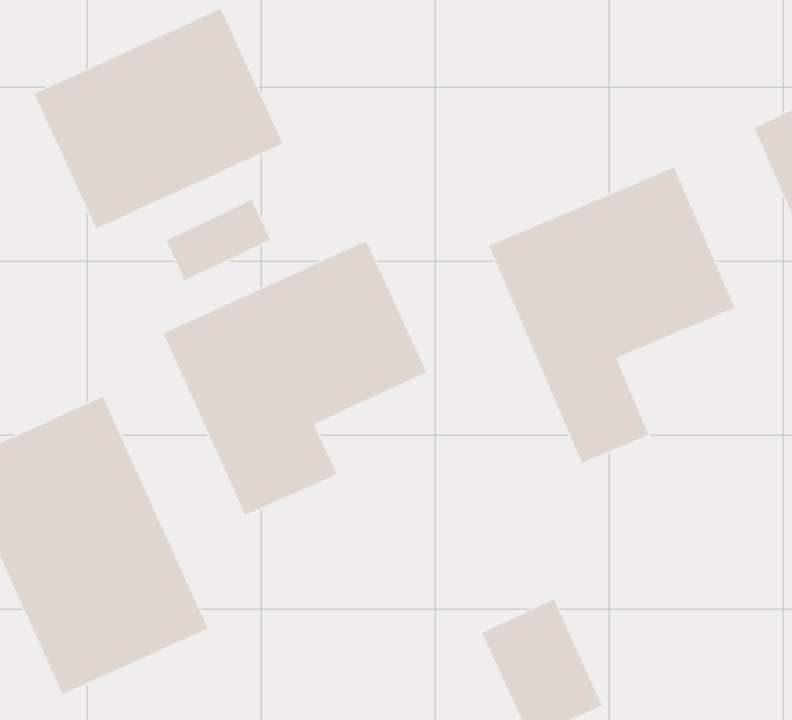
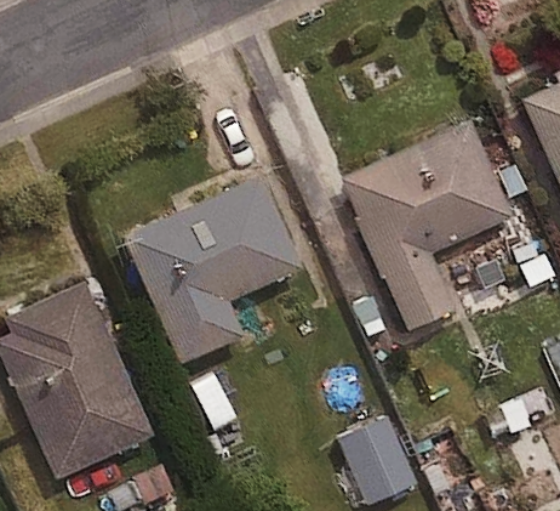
building: [34,8,284,230] -> none

